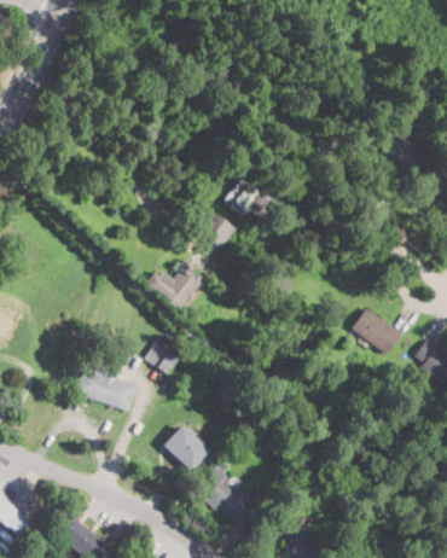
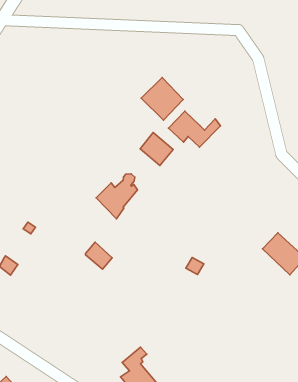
building: none -> [141,77,183,120]
building: [75,366,135,411] -> none
building: [163,425,209,471] -> none

